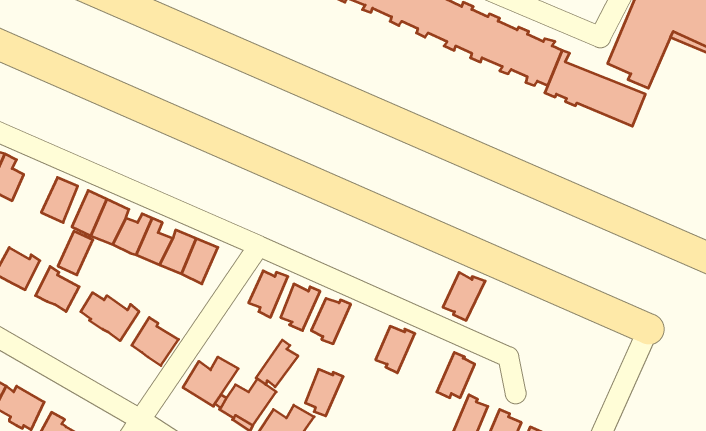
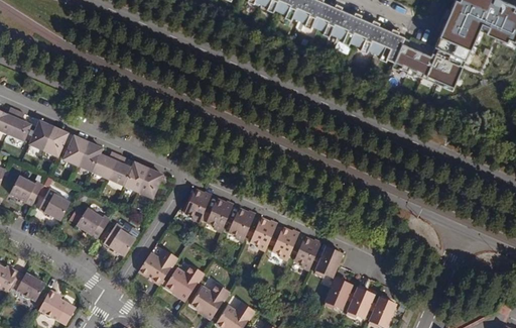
building: [58,231,93,275] -> [29,119,53,149]
building: [443,272,485,320] -> [293,237,322,270]
building: [256,340,298,387] -> none
building: [305,369,343,416] -> [252,218,278,250]

